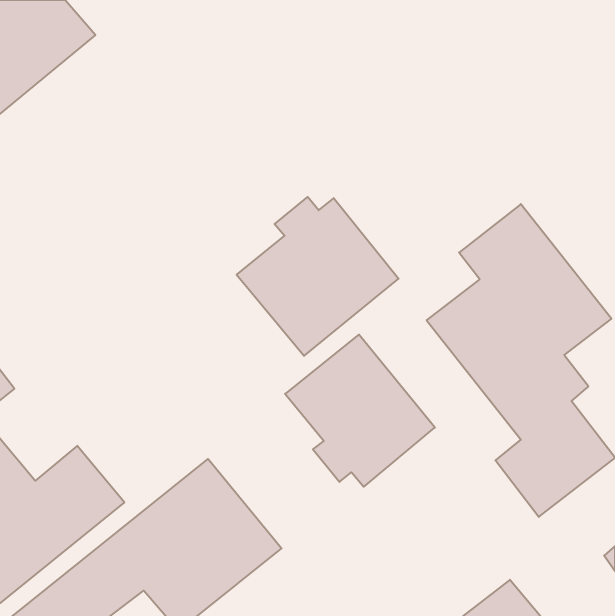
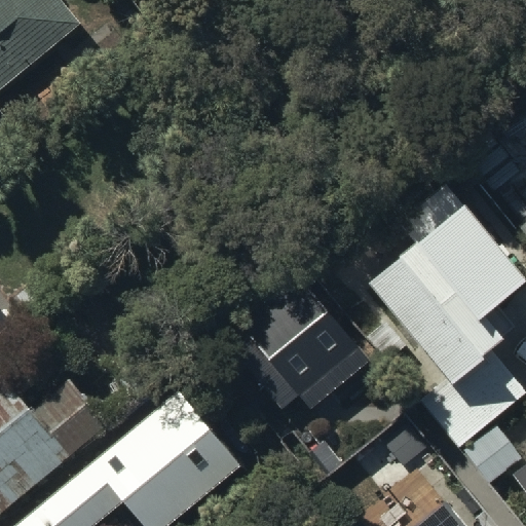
building: [237,197,399,356] -> none

